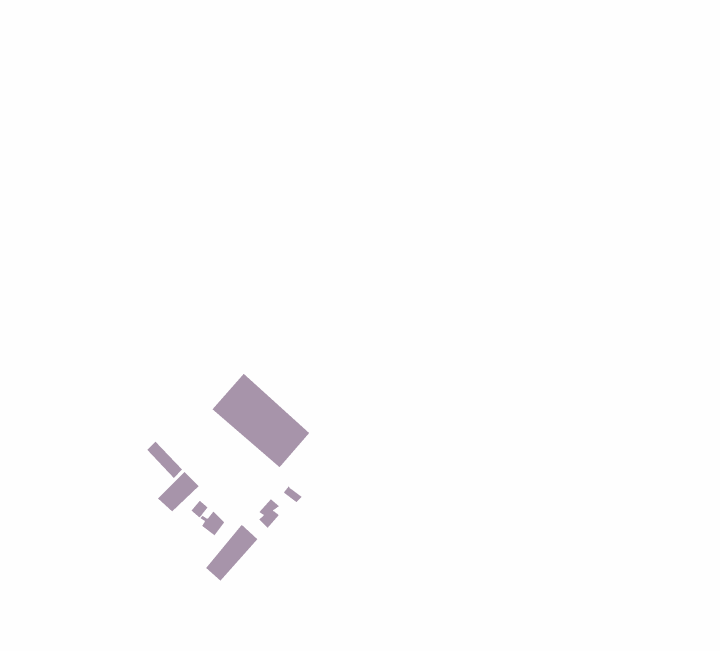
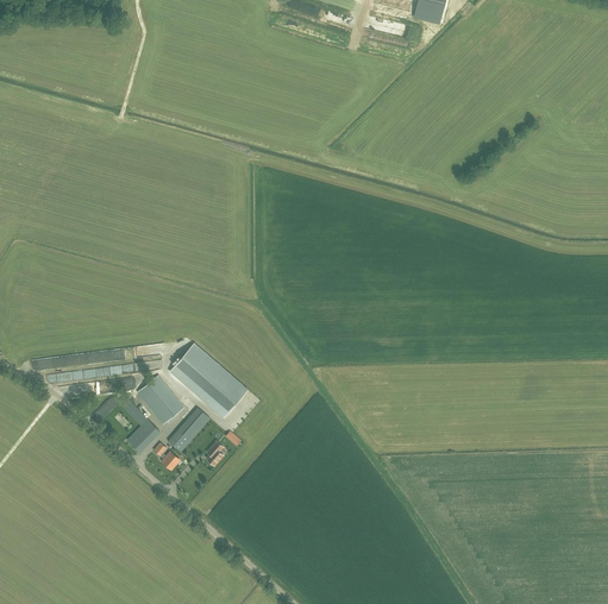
building: none -> [137,376,183,424]
building: [205,524,258,581] -> [168,407,209,452]

